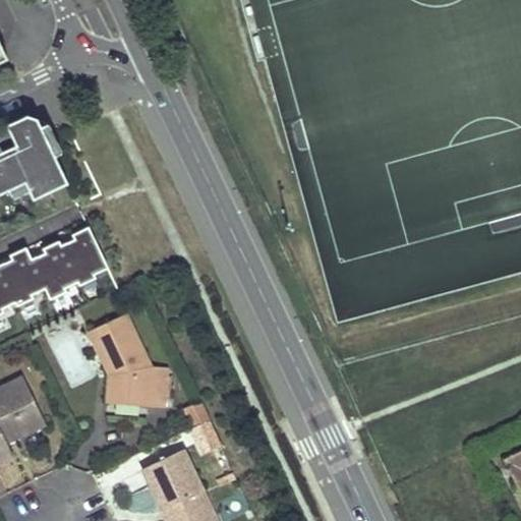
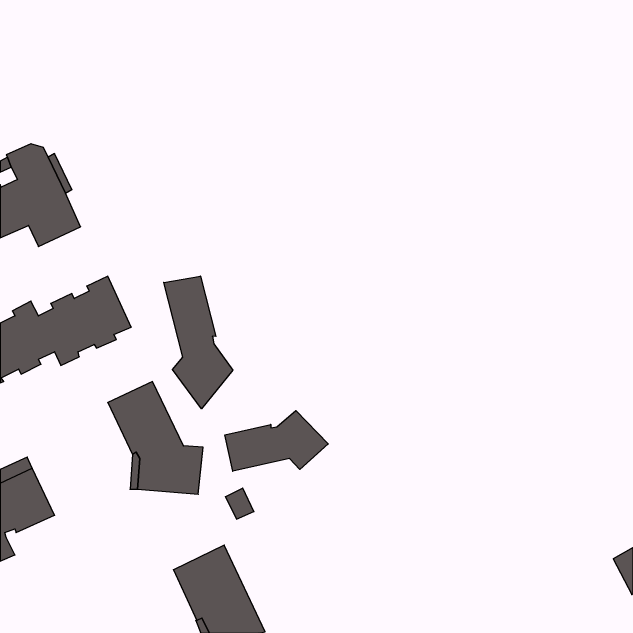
building: none -> [164,276,233,409]
building: none -> [225,411,328,471]

